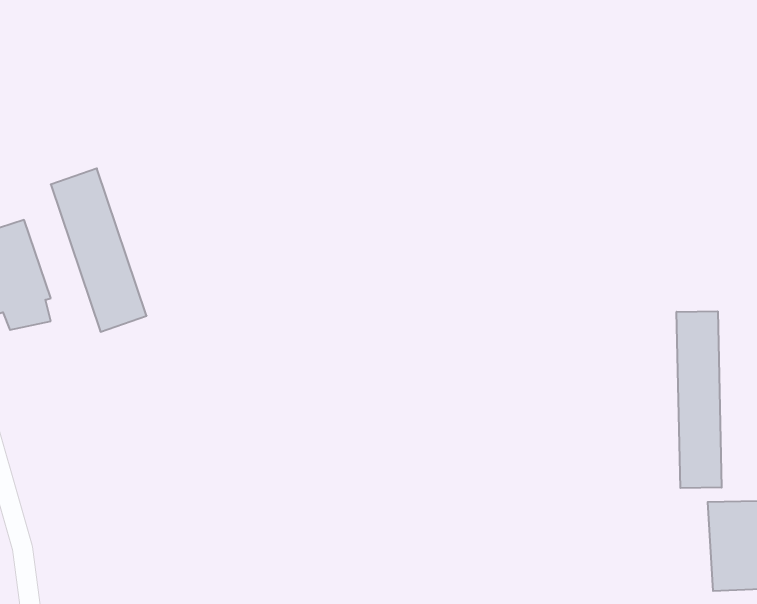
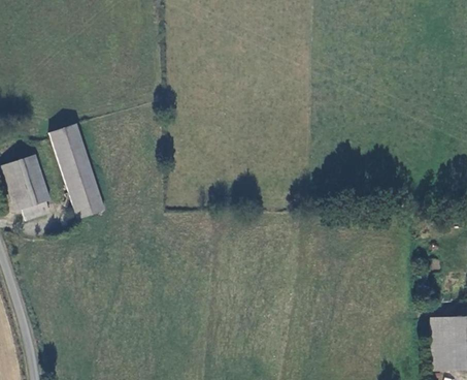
building: [677,311,722,488] -> none

